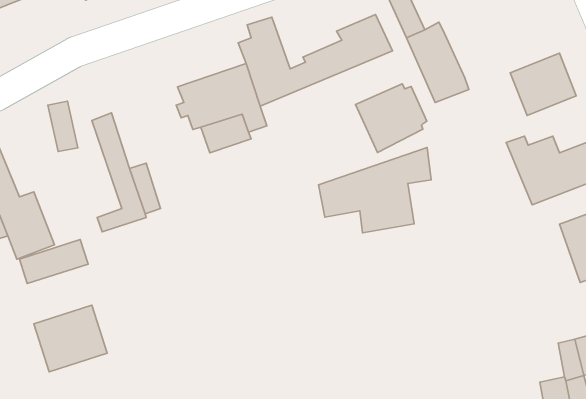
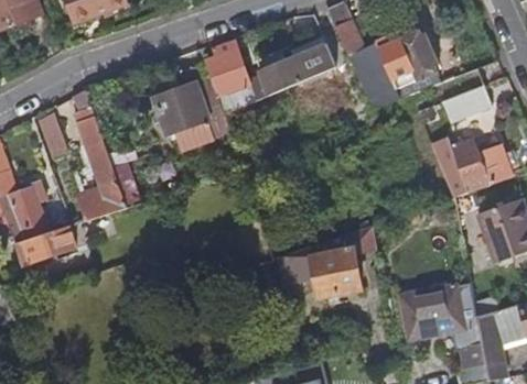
building: [356,84,427,152] -> [378,31,439,89]
building: [318,147,431,233] -> [280,224,376,297]
building: [34,305,107,372] -> none
building: none -> [401,286,465,338]

